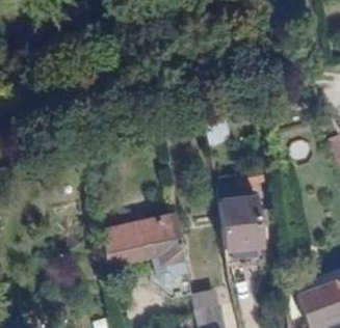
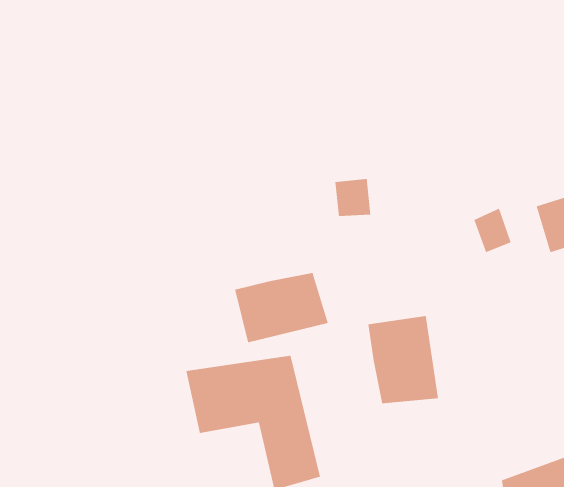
building: none -> [235,272,328,343]

